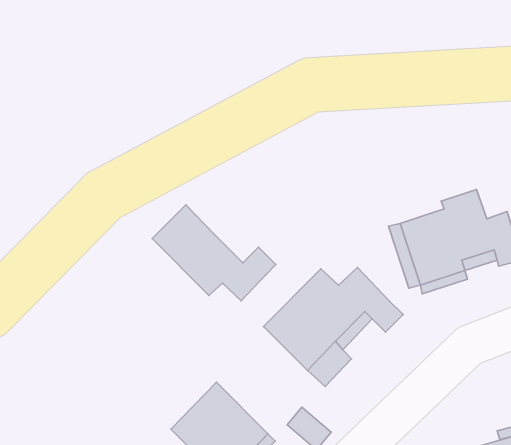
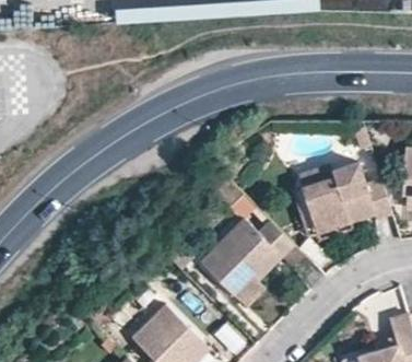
building: [152,205,276,301] -> none

